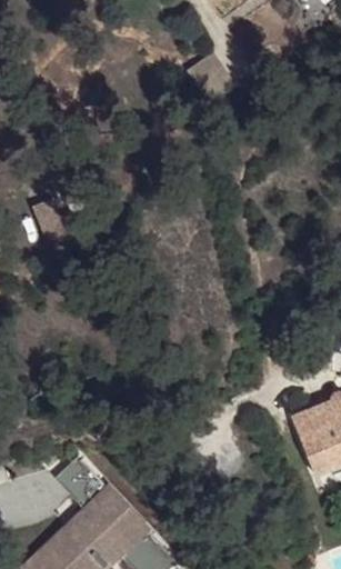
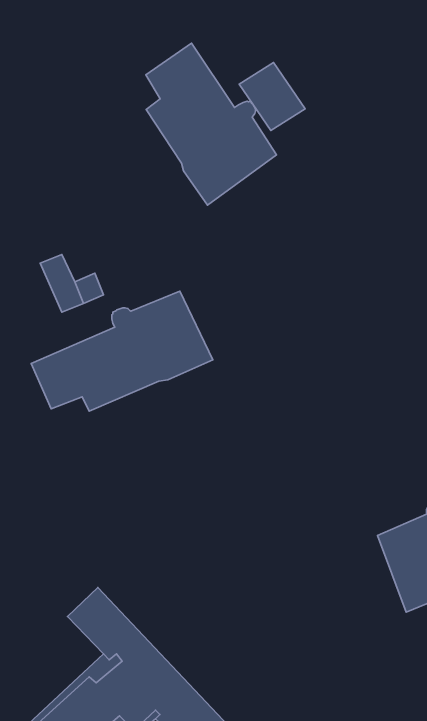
building: none -> [146,43,277,205]
building: none -> [31,291,213,411]

